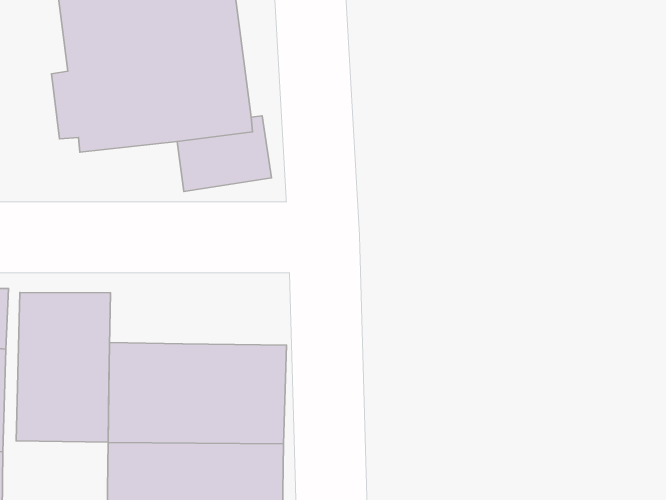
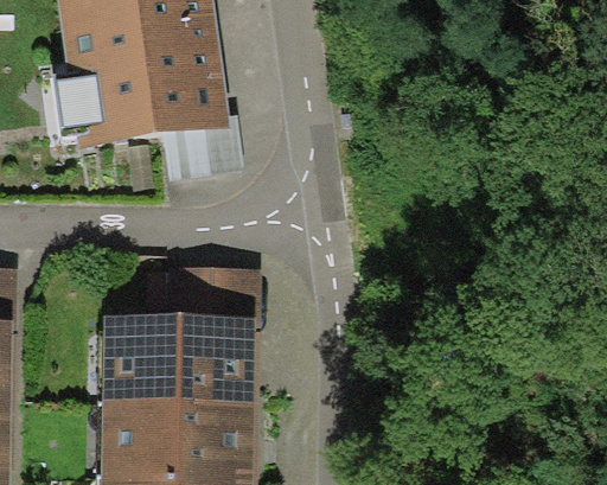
building: none -> [166,267,258,315]
building: [16,292,110,442] -> none

